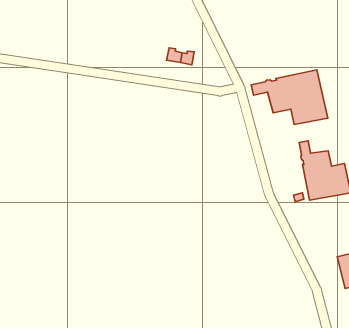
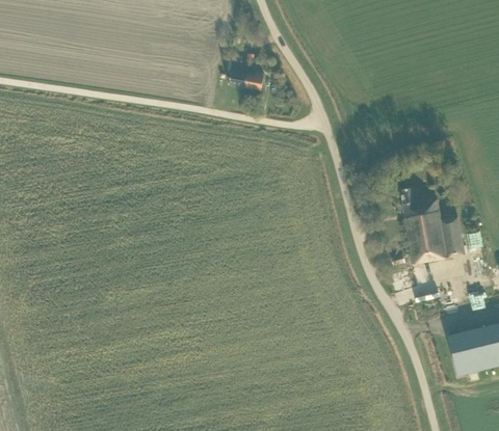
building: [251,70,328,124] -> none

